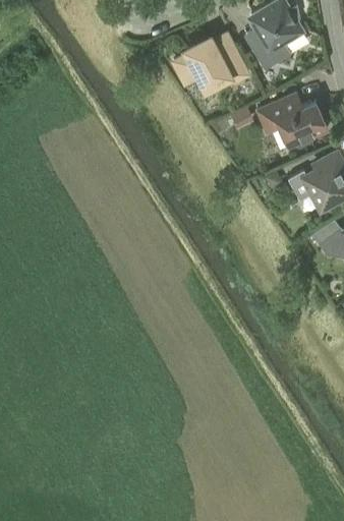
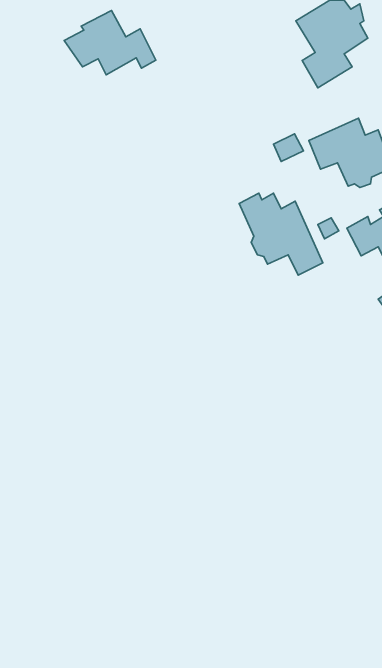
building: [174,38,245,88] -> [64,10,156,75]
building: none -> [239,193,323,275]

